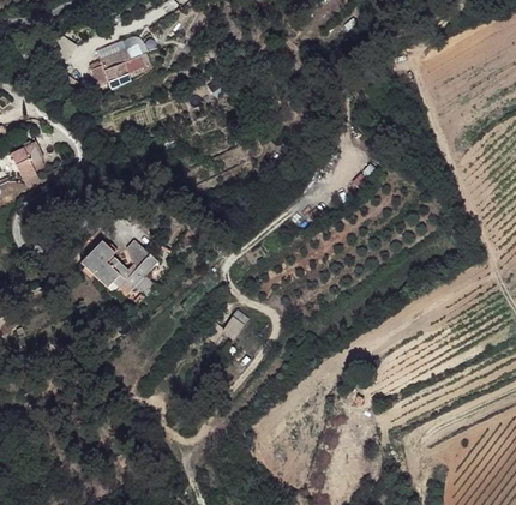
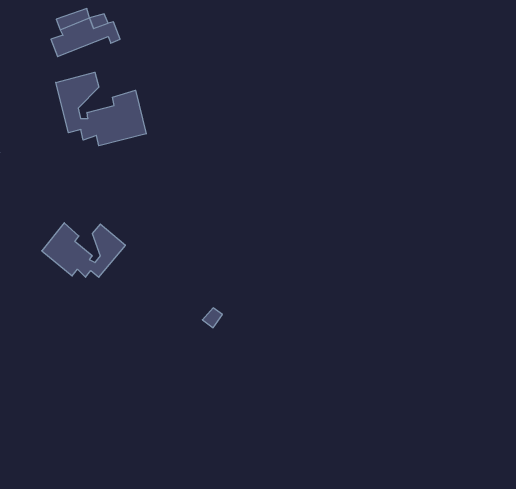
building: none -> [56,72,146,146]

